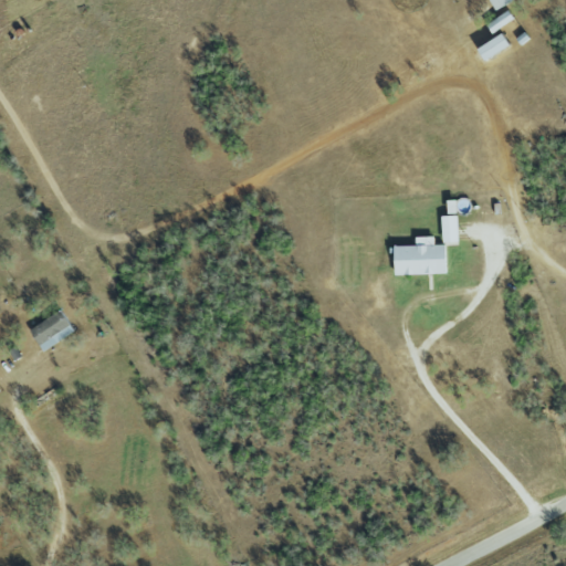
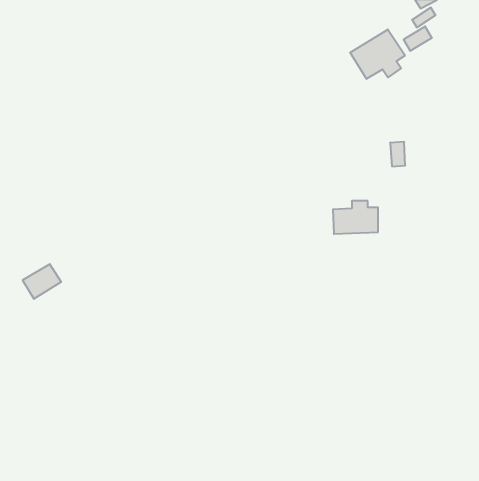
building: none -> [350,29,405,79]
building: [441,213,459,242] -> [390,142,405,166]

